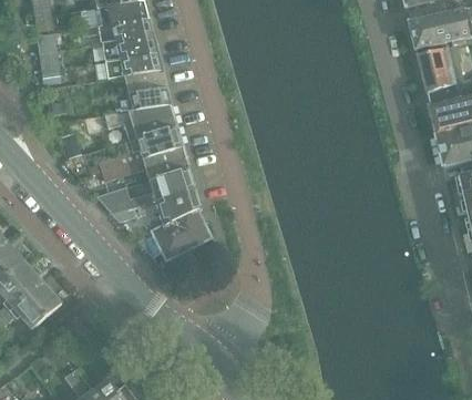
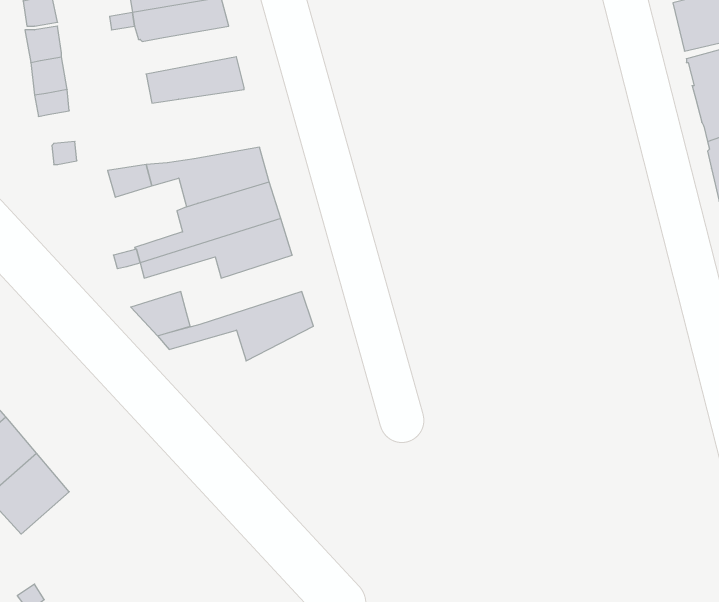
building: [103,34,157,62] -> none
building: [114,71,171,113] -> none
building: [129,166,195,207] -> none
building: [154,207,208,260] -> none

